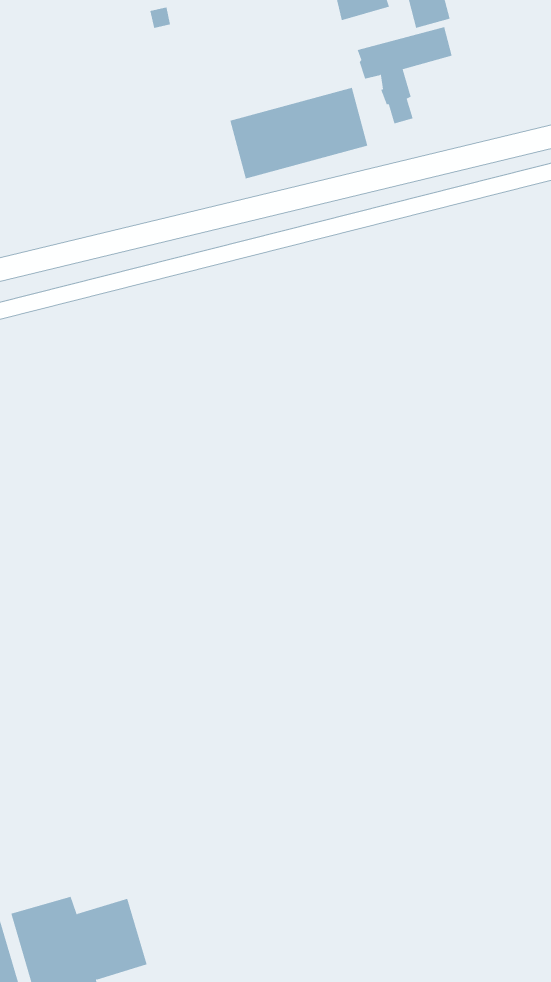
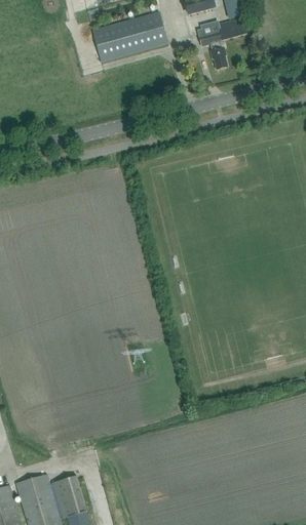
building: [229,87,368,179] -> [92,12,165,60]

